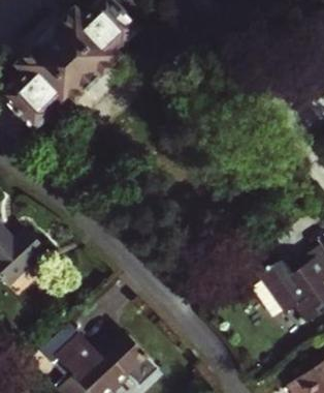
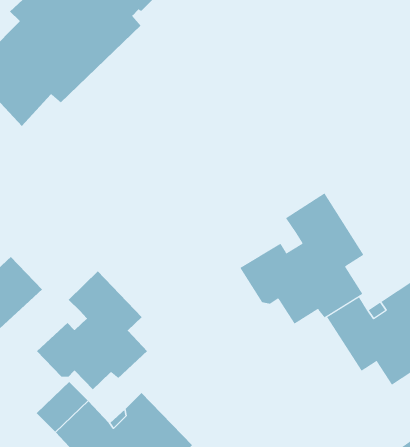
building: none -> [240,193,364,325]
building: none -> [36,271,148,390]

